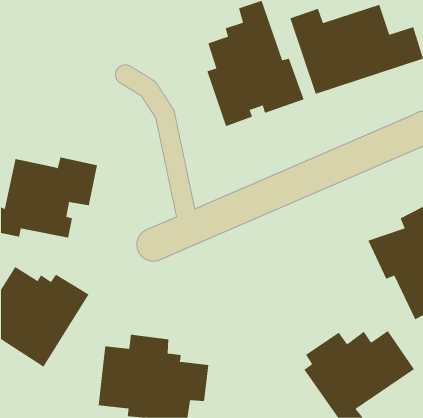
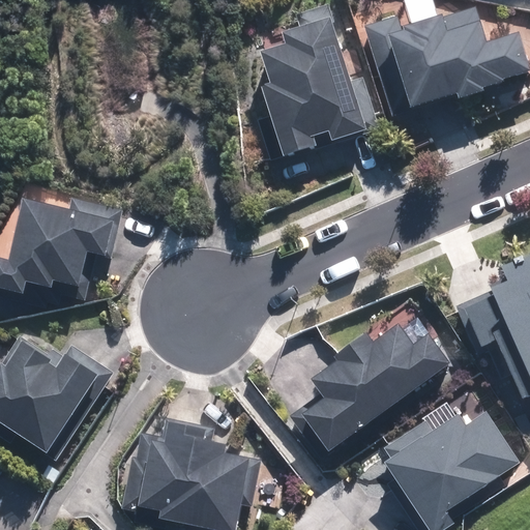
building: none -> [299,323,449,452]

